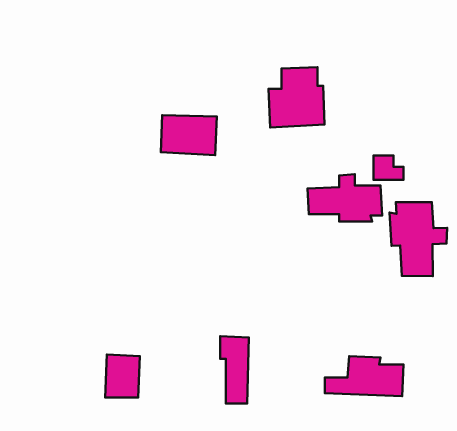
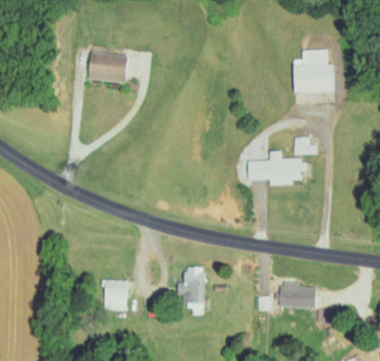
building: [269,67,325,127] -> [293,49,333,93]
building: [161,115,217,155] -> [87,53,127,82]
building: [390,202,447,276] -> none

